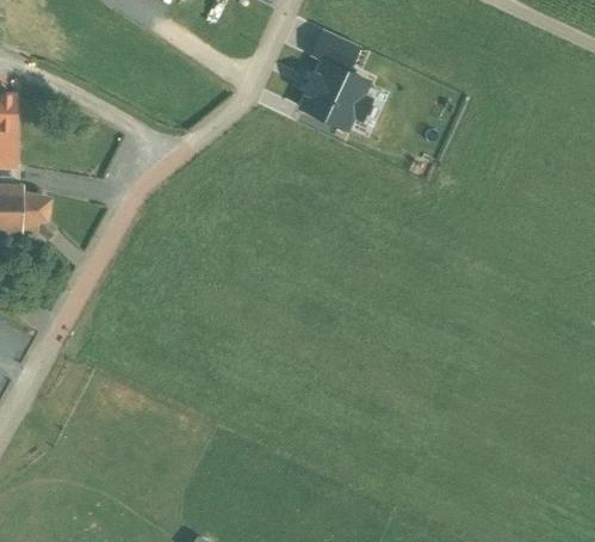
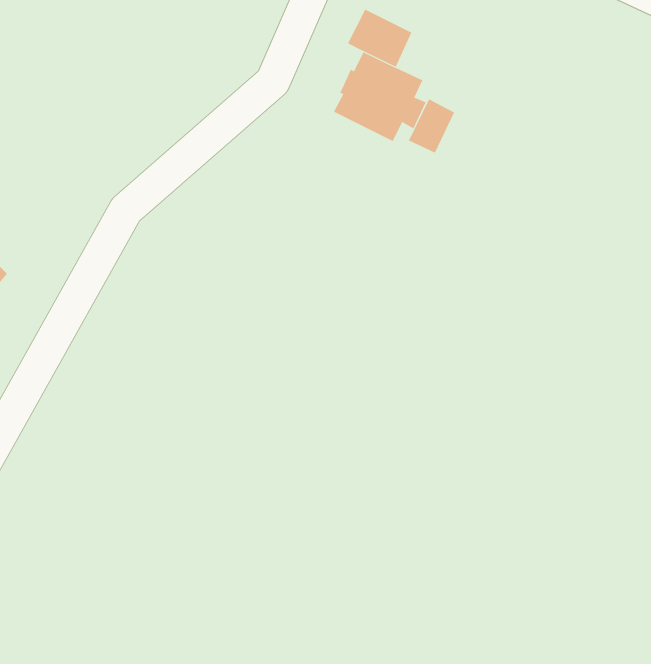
building: none -> [408,99,455,154]

